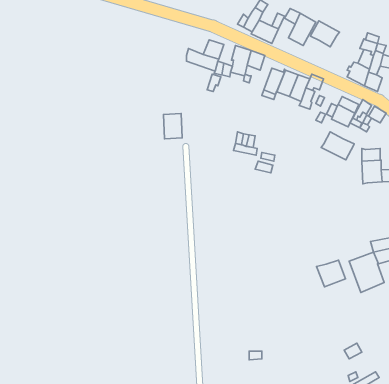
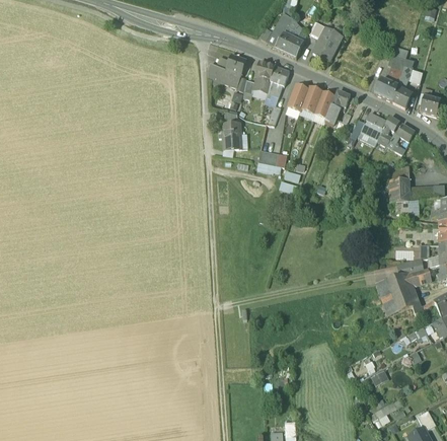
building: [310,21,340,47] -> none
building: [164,113,182,139] -> [222,124,241,150]
building: [321,132,354,160] -> none
building: [317,260,345,287] -> none

